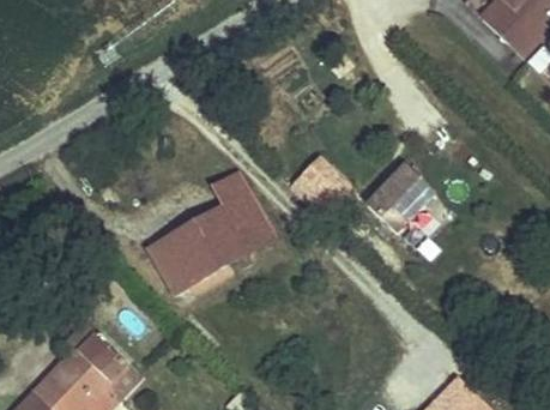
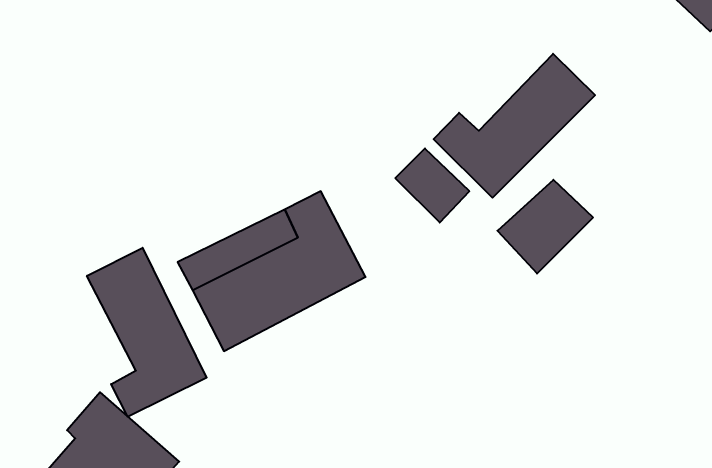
building: none -> [434,54,595,198]
building: none -> [87,248,207,417]

